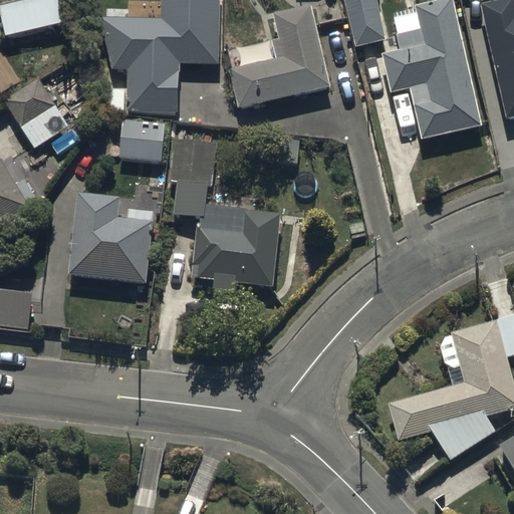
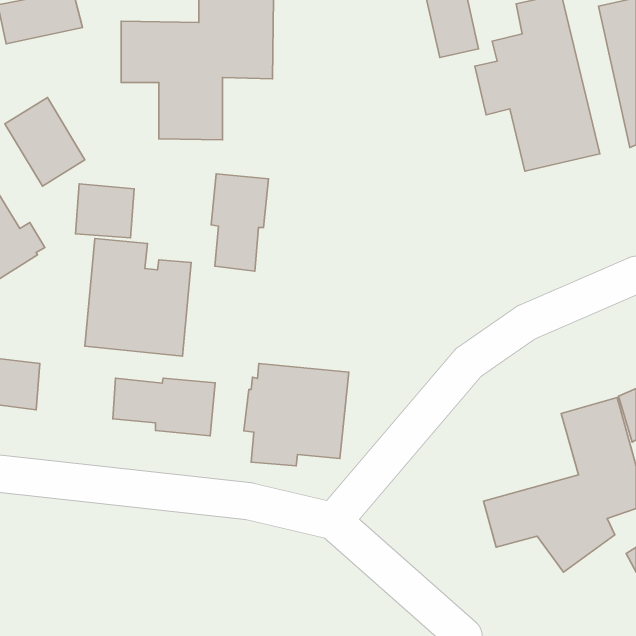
building: [229,5,328,106] -> none
building: [117,118,165,162] -> [75,184,134,238]
building: [194,206,278,288] -> [244,363,349,466]
building: none -> [113,378,215,436]

